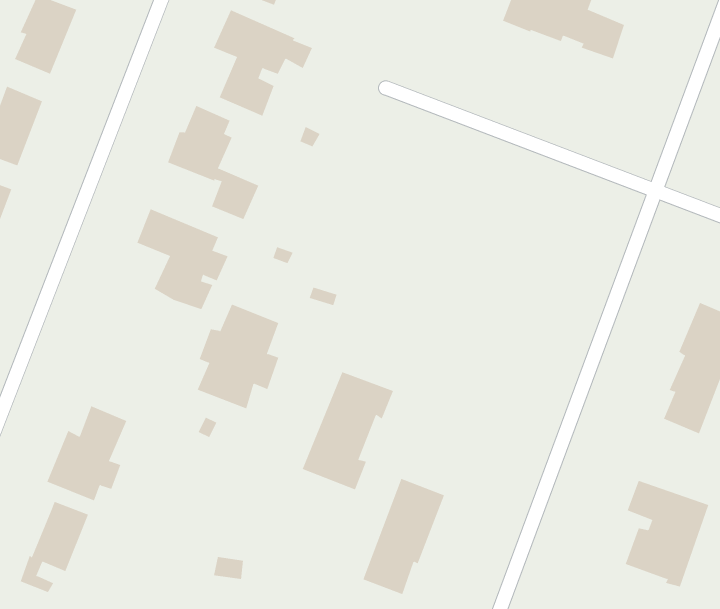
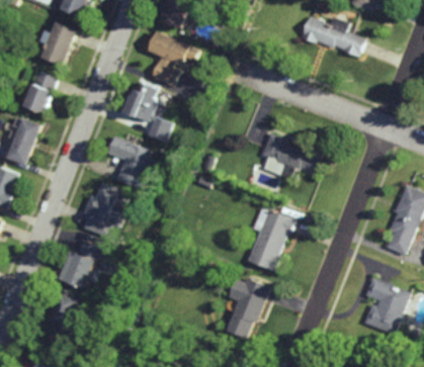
building: none -> [259,132,320,179]
building: [197,304,279,409] -> [81,183,124,239]
building: [302,372,394,490] -> [246,209,294,272]

